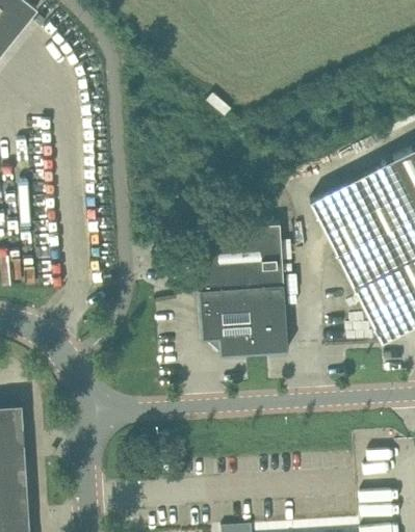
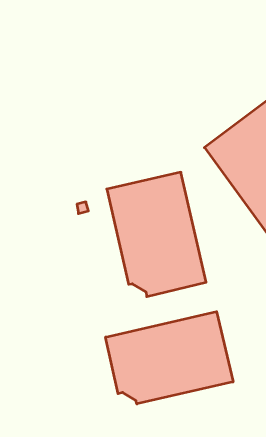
building: none -> [106,312,233,404]

